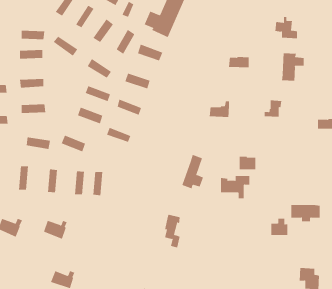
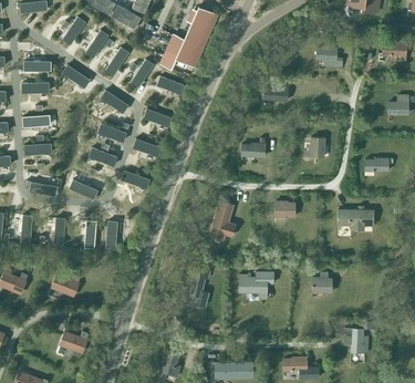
building: [281,53,304,82] -> none
building: [220,175,250,199] -> [238,273,272,300]
building: [291,204,321,222] -> [338,210,372,230]

